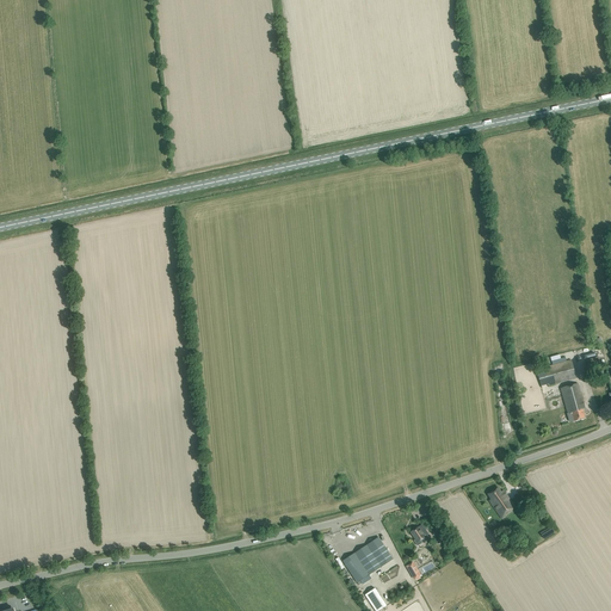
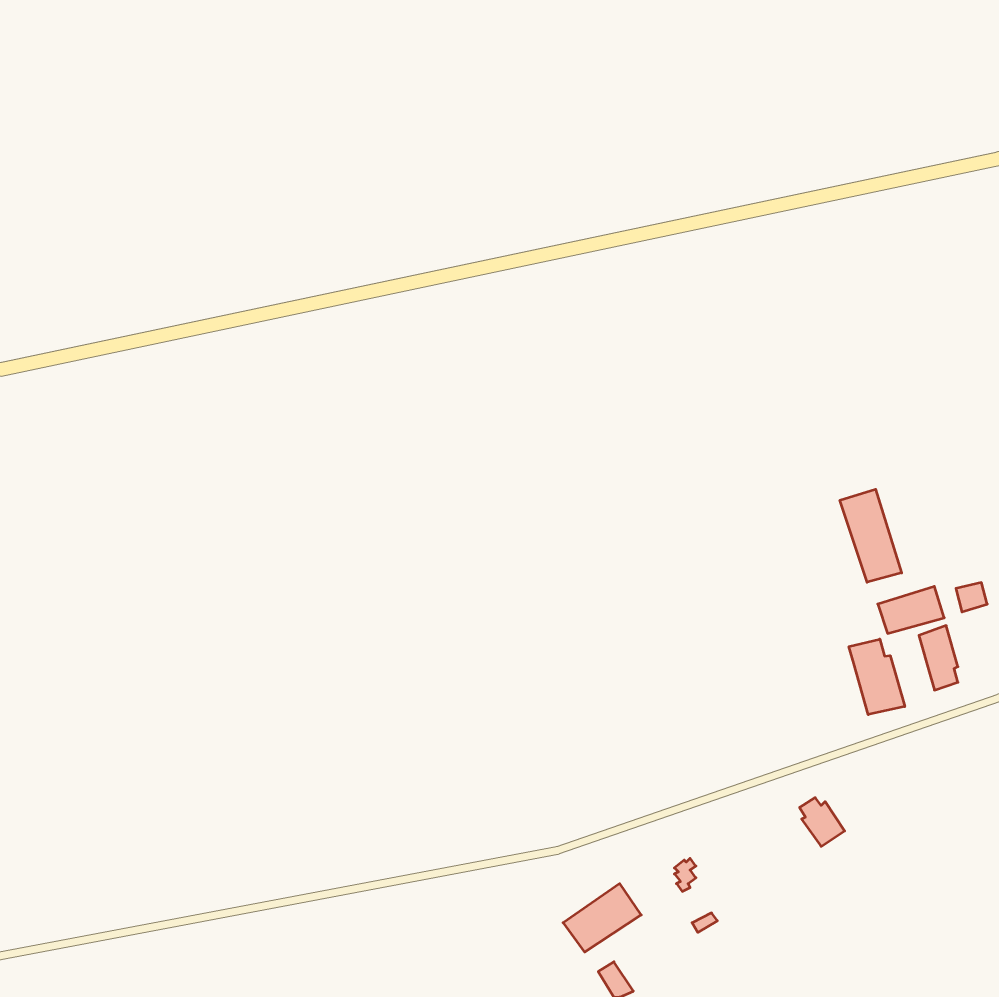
building: none -> [840,489,902,582]
building: none -> [849,639,905,715]

